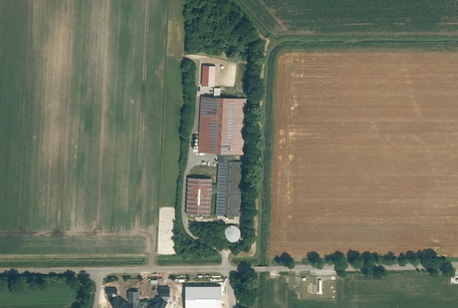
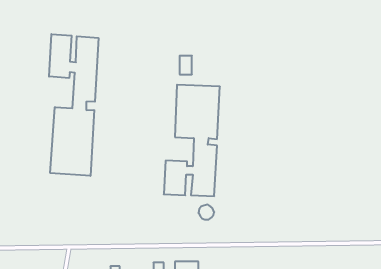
building: none -> [49,34,98,176]

